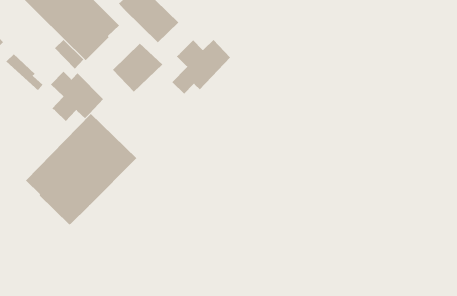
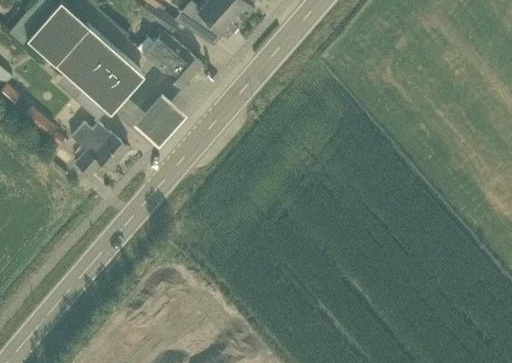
building: [172,39,231,94] -> none
building: [25,113,137,225] -> none

